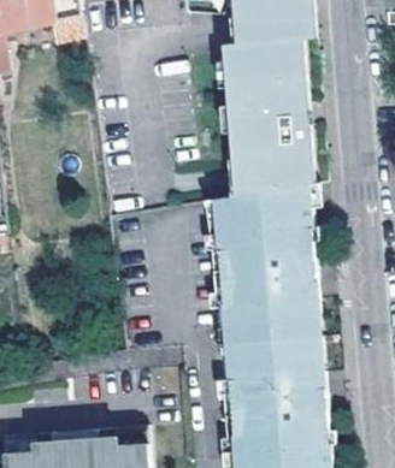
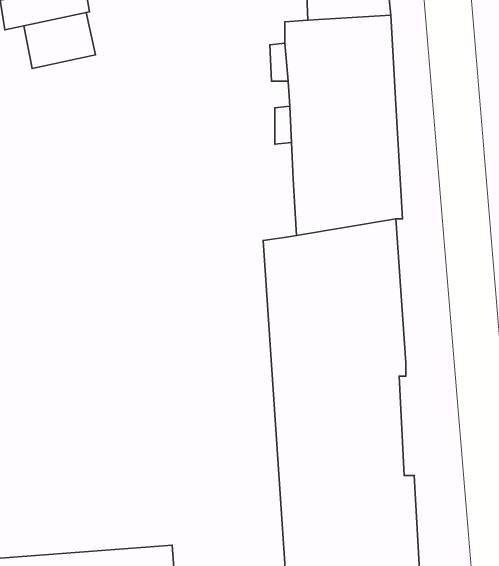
building: none -> [24,13,95,68]

